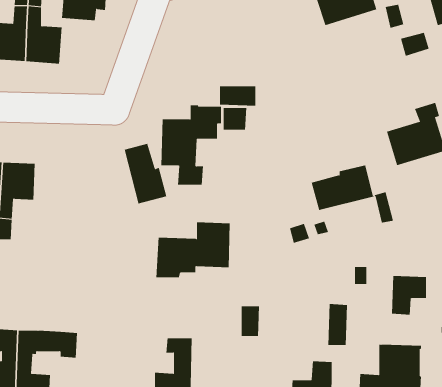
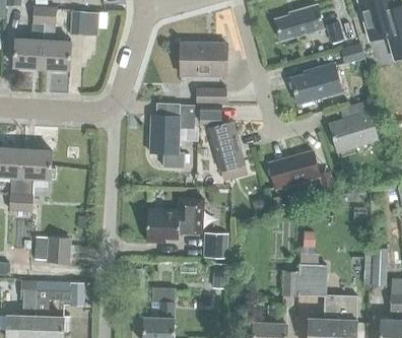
building: none -> [179,43,226,75]
building: none -> [289,64,341,104]
building: [124,143,167,204] -> [208,123,243,172]
building: none -> [203,232,228,258]
building: none -> [36,236,72,264]
building: [391,276,427,315] -> [297,264,326,295]

